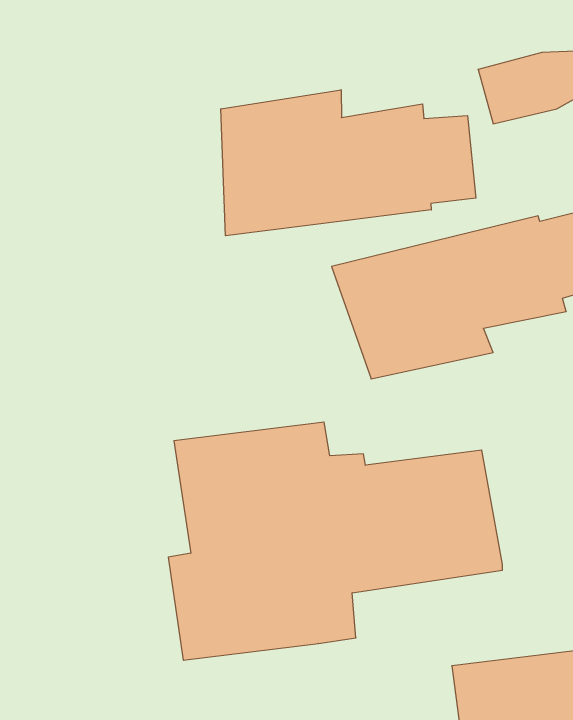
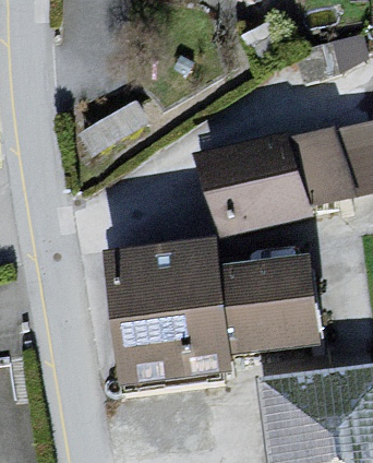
building: [221,90,476,236] -> none

